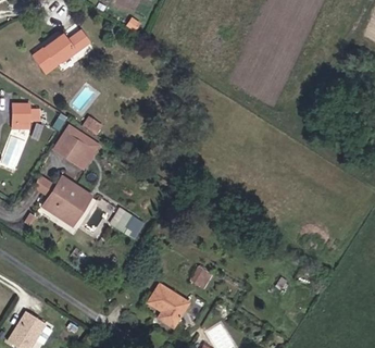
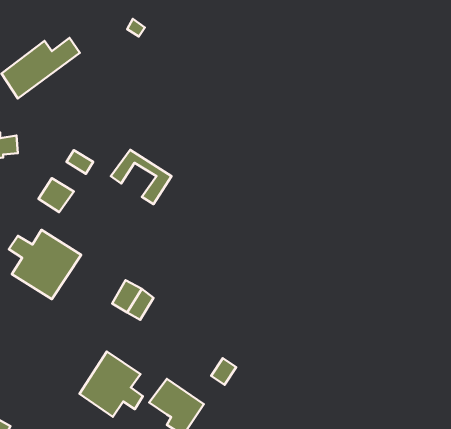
building: [54,126,99,166] -> [111,150,171,204]
building: none -> [79,352,143,417]

